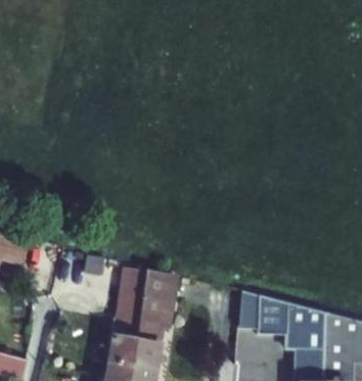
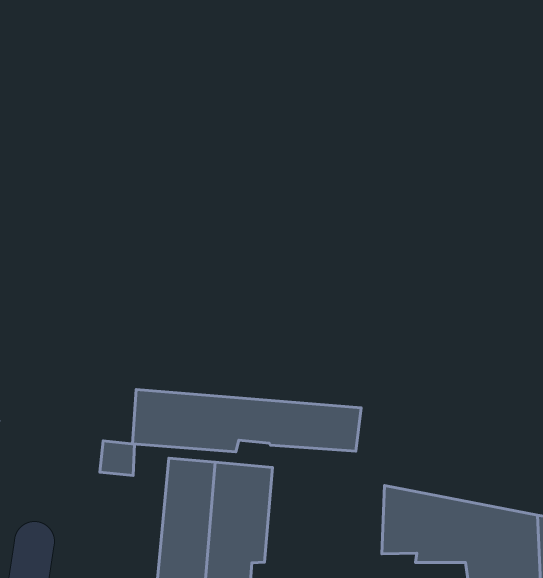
building: none -> [132,390,361,452]

